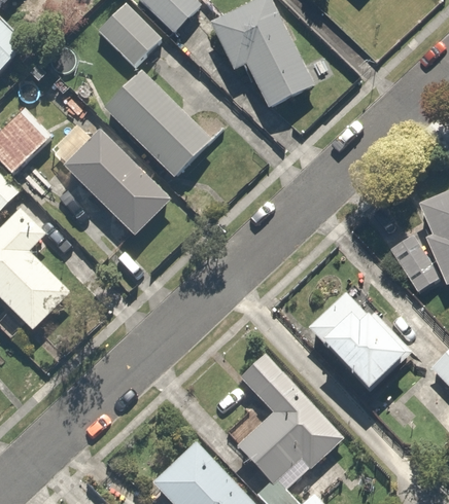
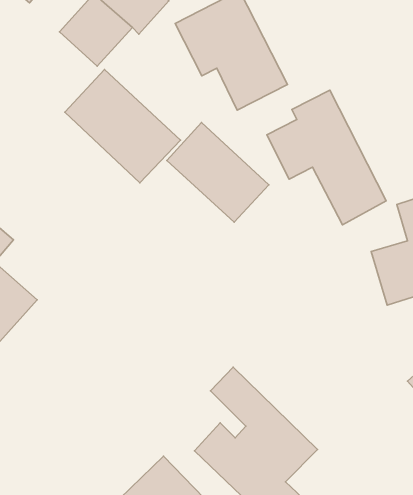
building: none -> [267,90,386,225]
building: none -> [167,122,269,222]
building: [53,123,176,240] -> none
building: [311,285,418,394] -> none

